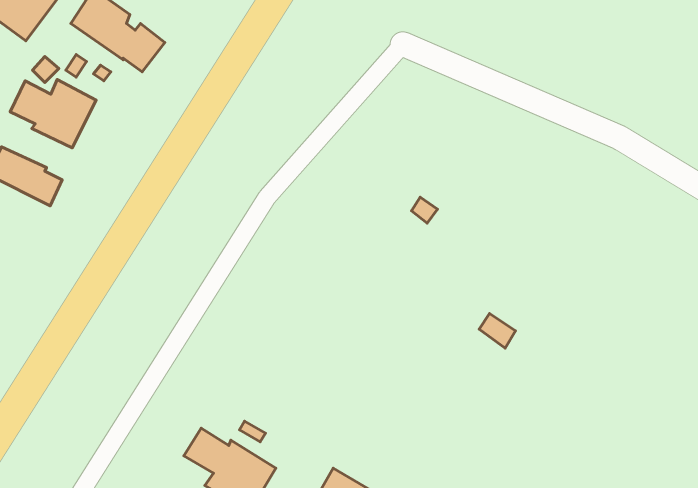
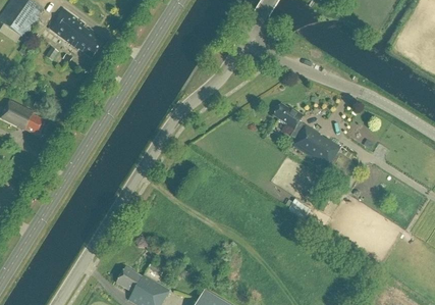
building: [10,80,96,148] -> none
building: none -> [273,102,340,166]

